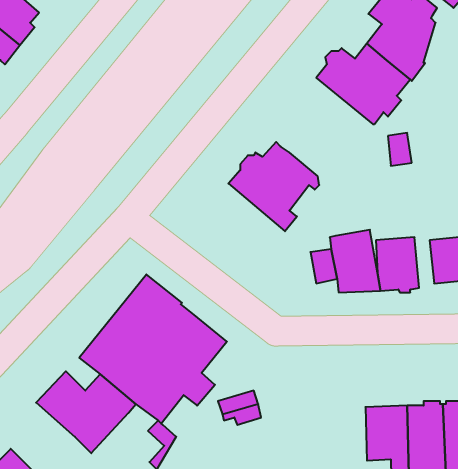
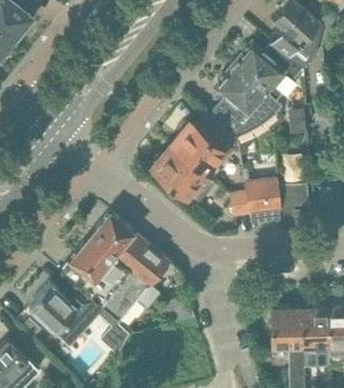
building: none -> [209,67,284,140]
building: none -> [152,145,215,207]

